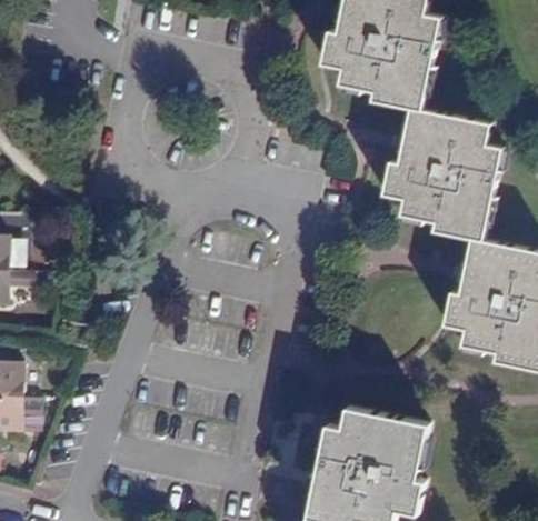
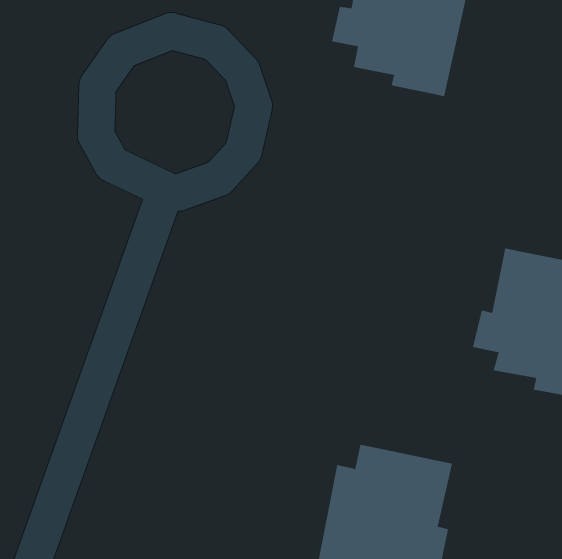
building: [382,108,500,242] -> none

